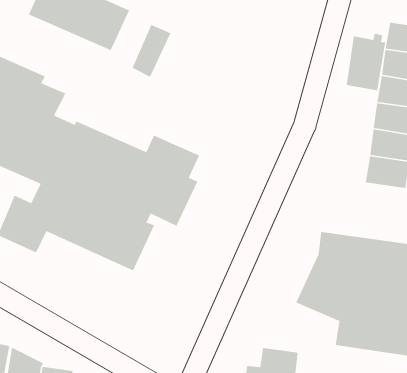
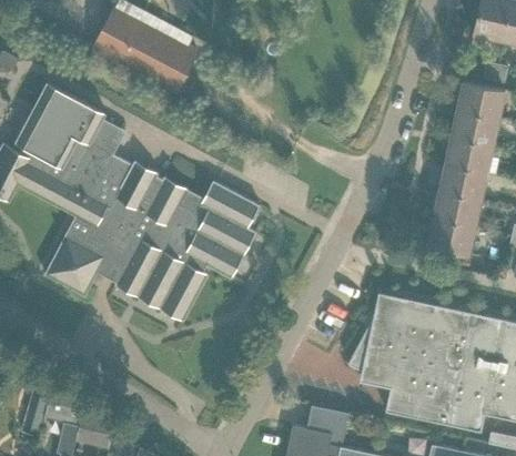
building: [131,24,171,78] -> none
building: [346,33,386,91] -> none

